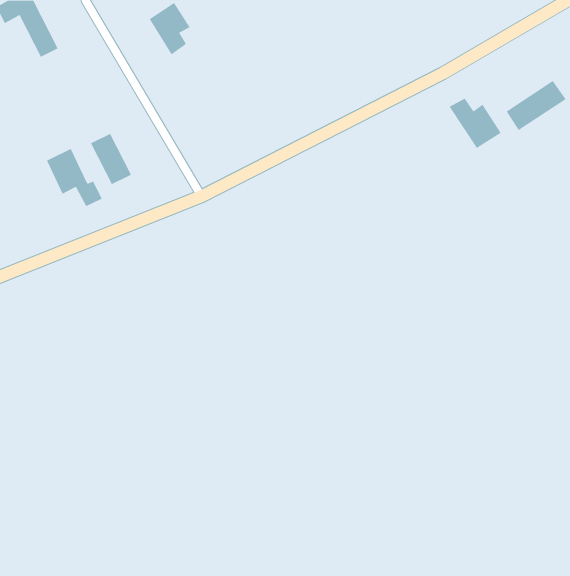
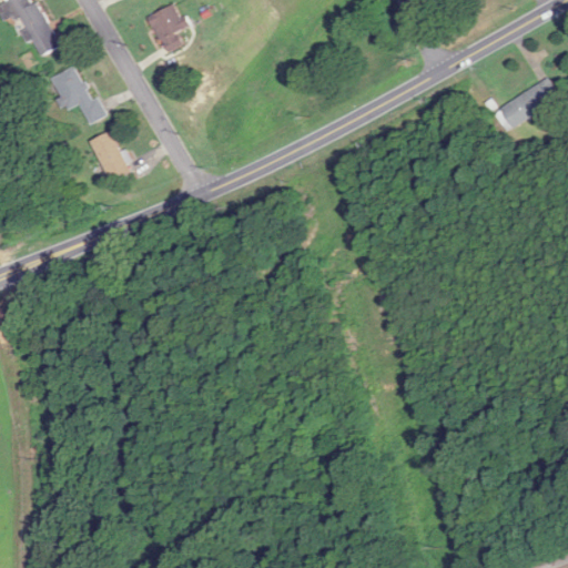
building: [449,98,501,149] -> none
building: [46,148,103,207] -> [50,65,105,123]

